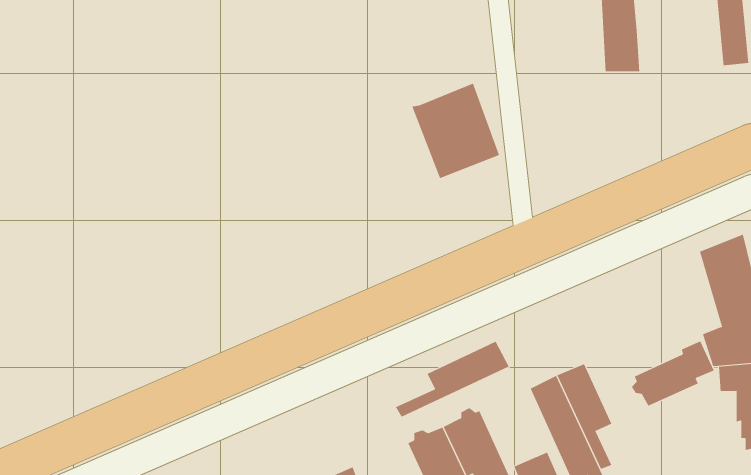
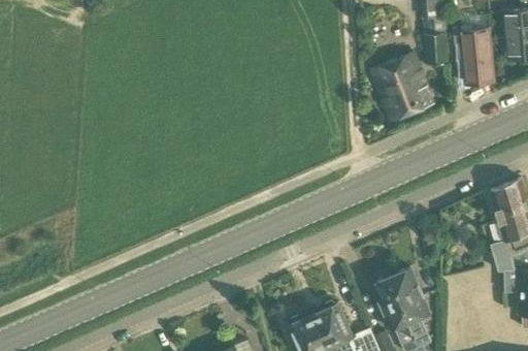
building: none -> [459,29,494,85]
building: [412,83,500,179] -> [369,53,431,120]
building: [631,340,714,407] -> none
building: [395,341,510,417] -> none

